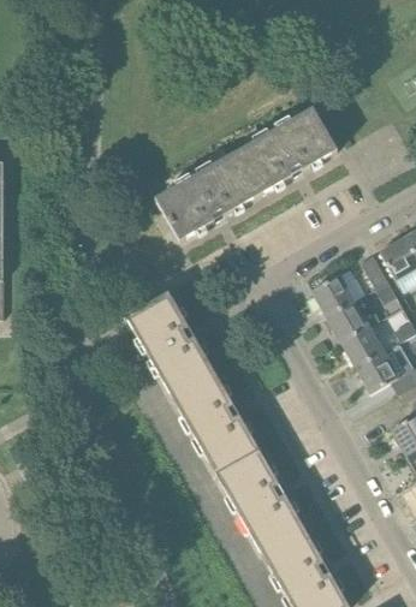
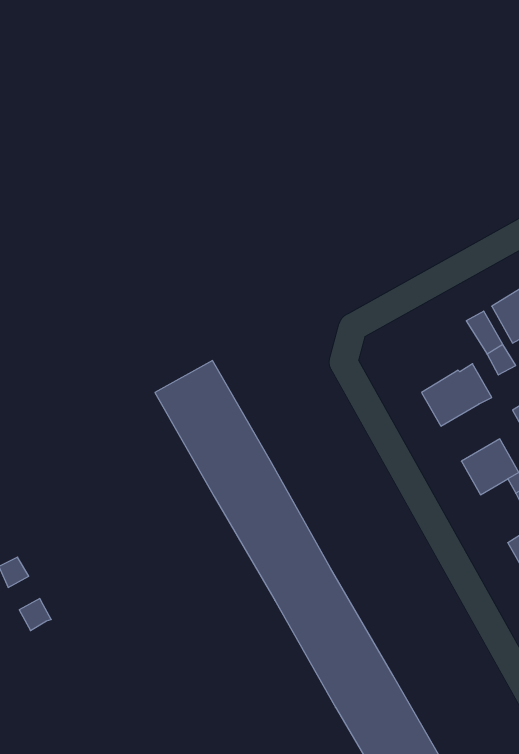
building: [155,108,337,240] -> none
building: [311,274,353,316] -> none
building: [340,325,385,368] -> none

